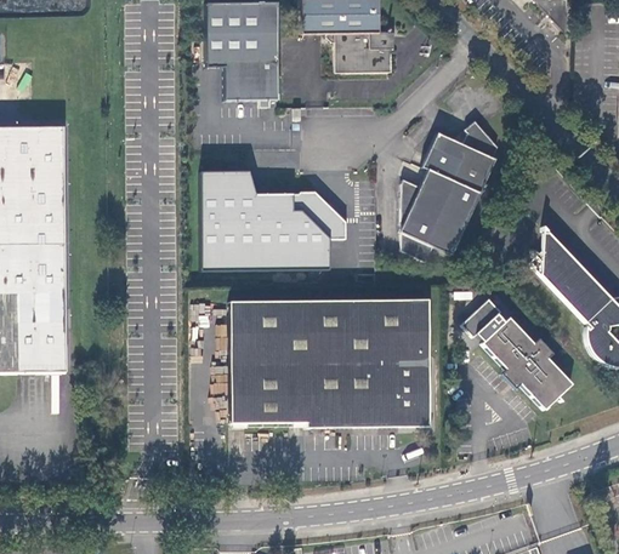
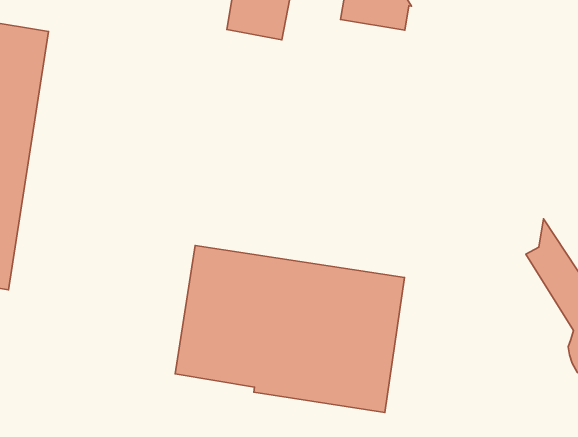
building: [398,118,495,261] -> none
building: [199,171,337,272] -> none
building: [465,299,575,409] -> none

